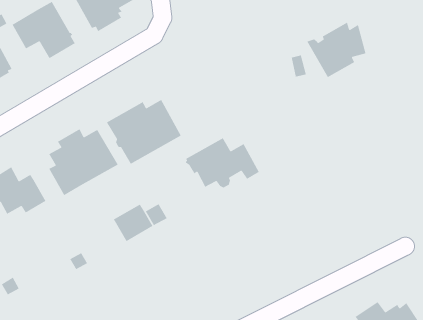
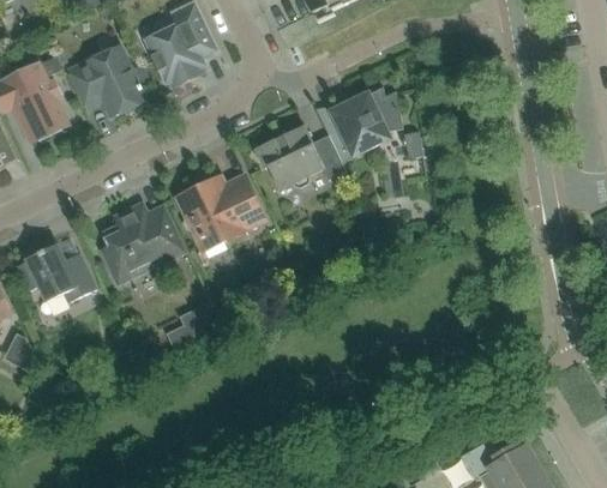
building: [306,22,366,78] -> [330,86,402,153]
building: [184,137,260,188] -> [253,125,344,187]

